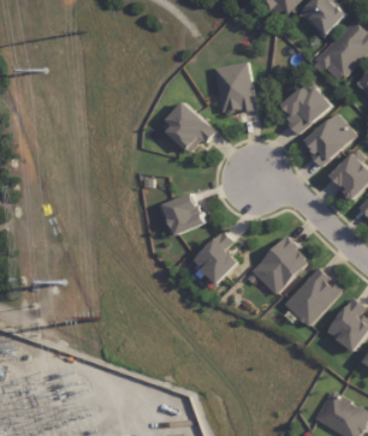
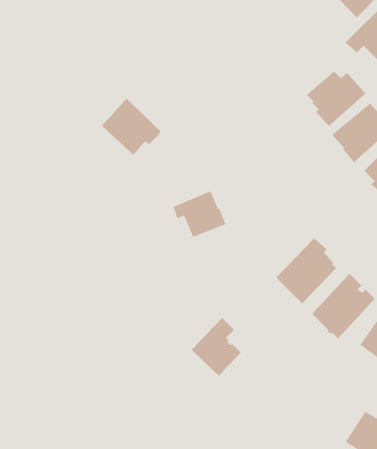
building: [213,61,255,113] -> none
building: [160,101,214,153] -> [101,98,161,155]
building: [192,231,238,283] -> [191,318,241,376]

